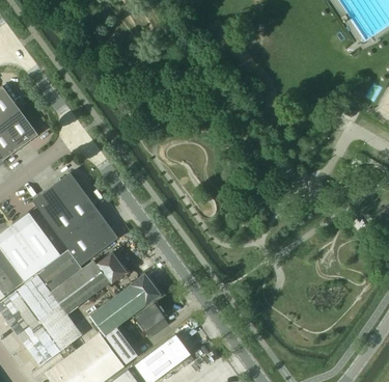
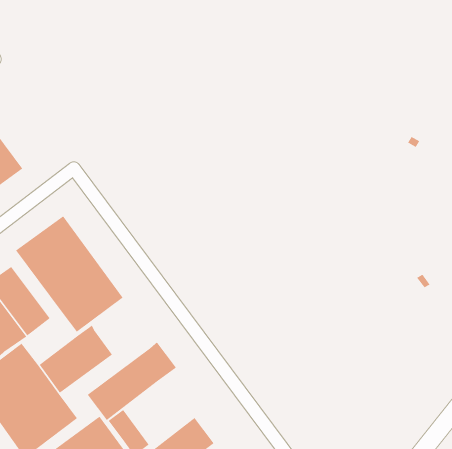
building: [36,249,81,292] -> none
building: [94,252,124,283] -> none
building: [133,302,168,338] -> none

